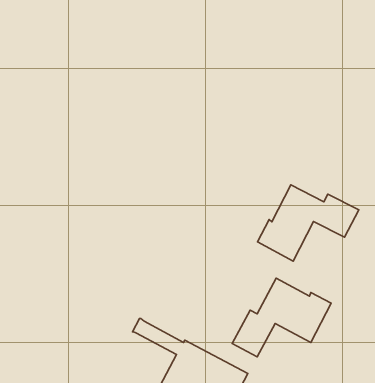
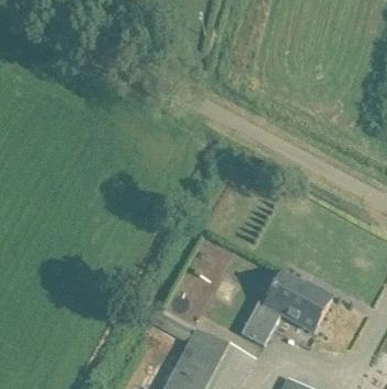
building: [258,185,359,261] -> none

